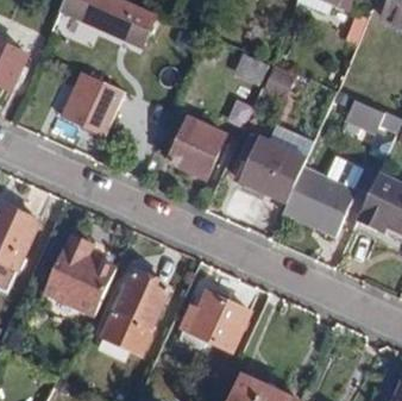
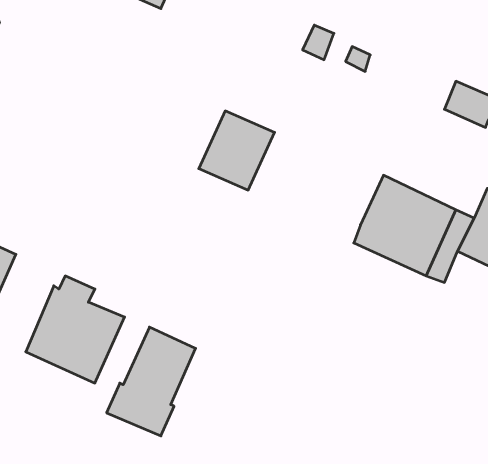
building: [63,74,121,132] -> none
building: [239,137,304,200] -> none
building: [182,293,249,350] -> none

